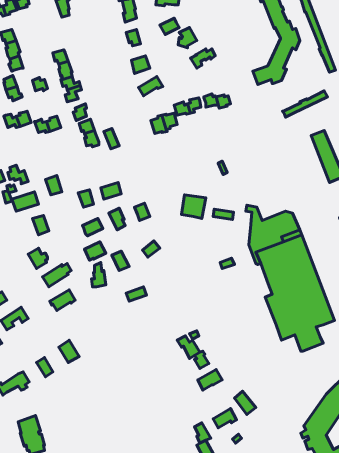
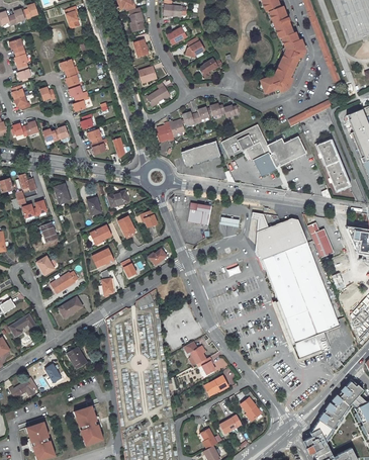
building: none -> [220,123,307,178]
building: none -> [180,141,219,166]
building: none -> [307,223,334,259]
building: none -> [74,405,101,445]

